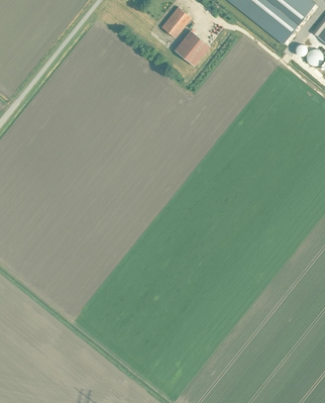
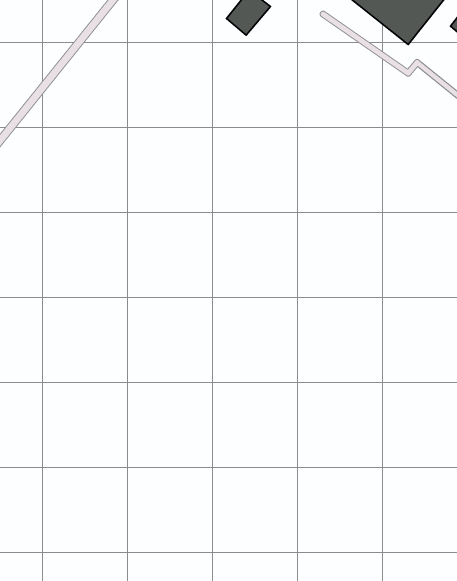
building: [174,28,210,64] -> none

